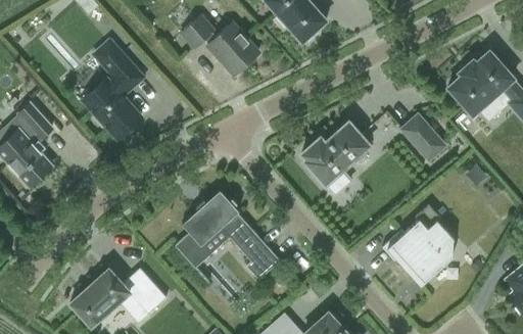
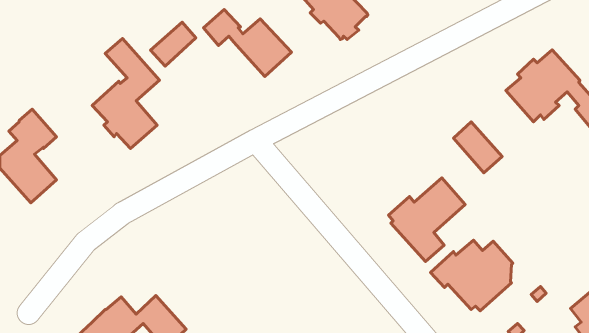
building: none -> [151,22,196,66]
building: [302,122,370,195] -> [389,178,465,261]
building: [176,189,281,280] -> none

